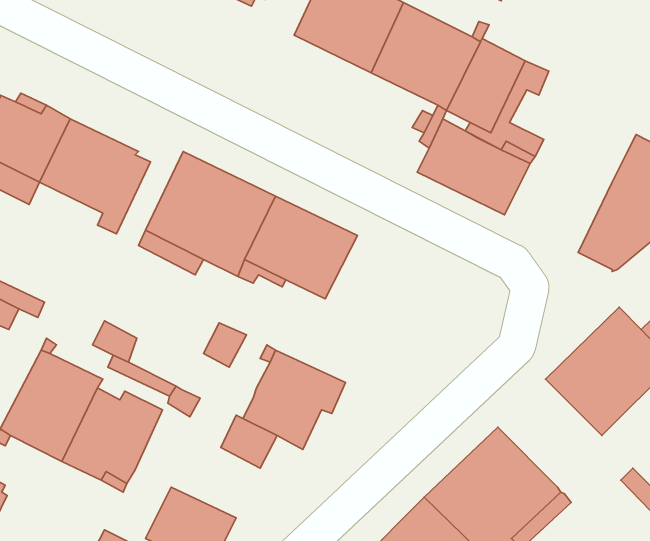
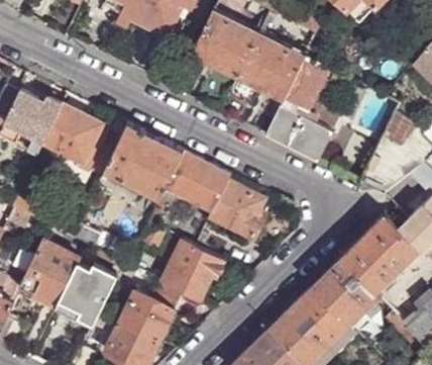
building: none -> [209,181,266,238]
building: none -> [314,258,377,322]
building: none -> [121,291,174,340]

